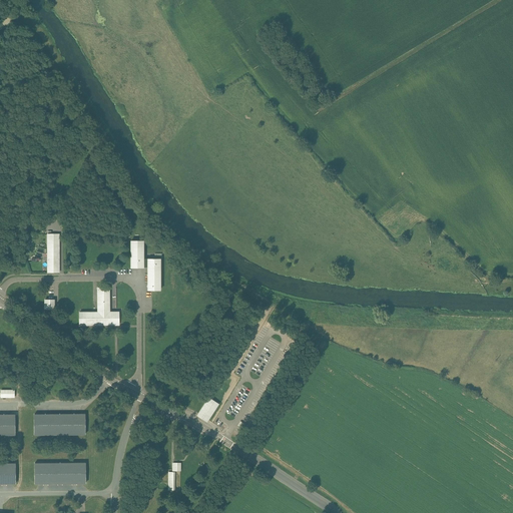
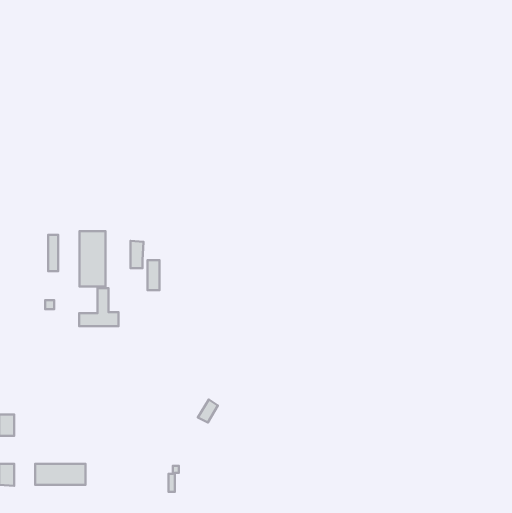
building: none -> [79,231,106,286]
building: [34,414,85,435] -> none

